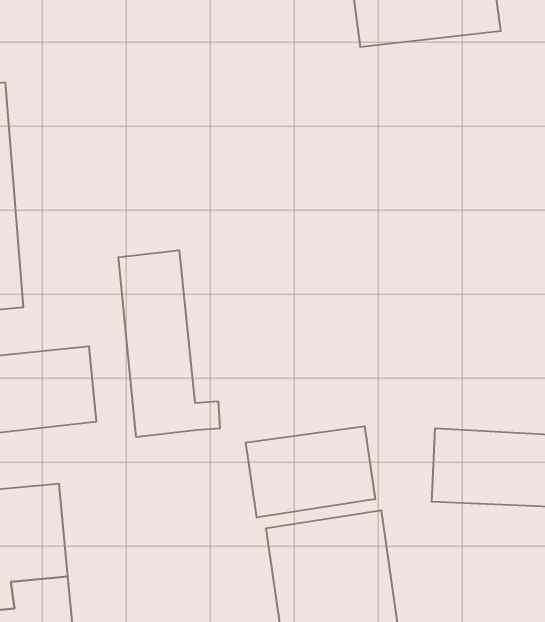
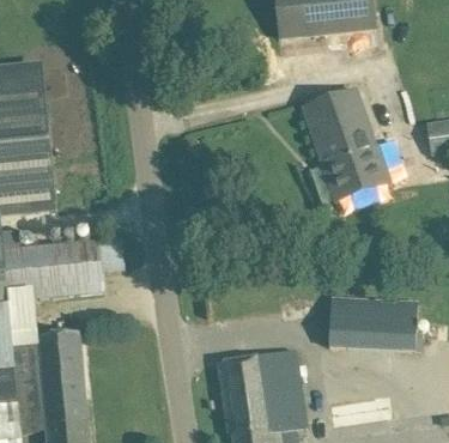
building: none -> [303,86,390,200]
building: [119,250,220,437] -> none
building: [246,426,375,518] -> none

